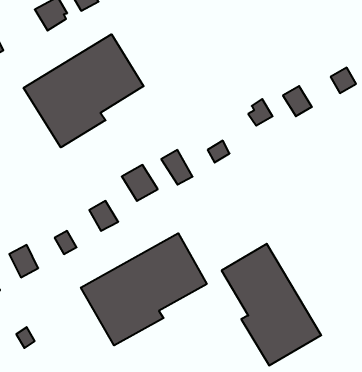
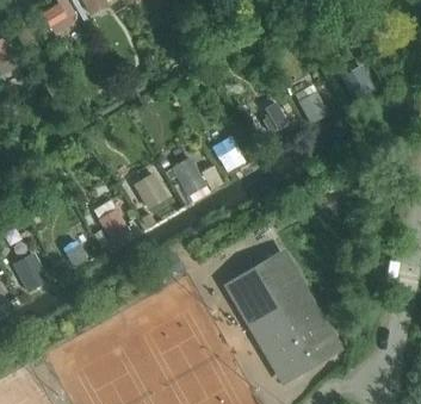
building: [24,34,144,147] -> none
building: [81,233,207,345] -> none

